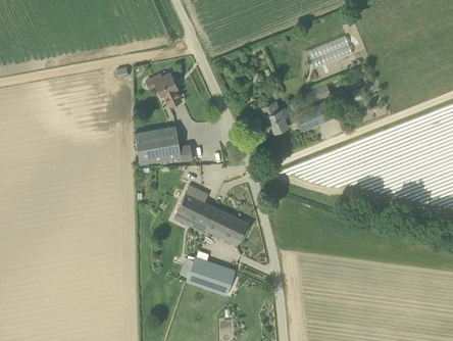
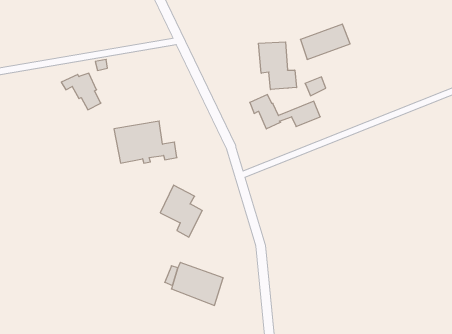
building: none -> [259,42,297,90]
building: [145,74,182,107] -> [61,73,101,110]
building: [207,208,248,246] -> none

